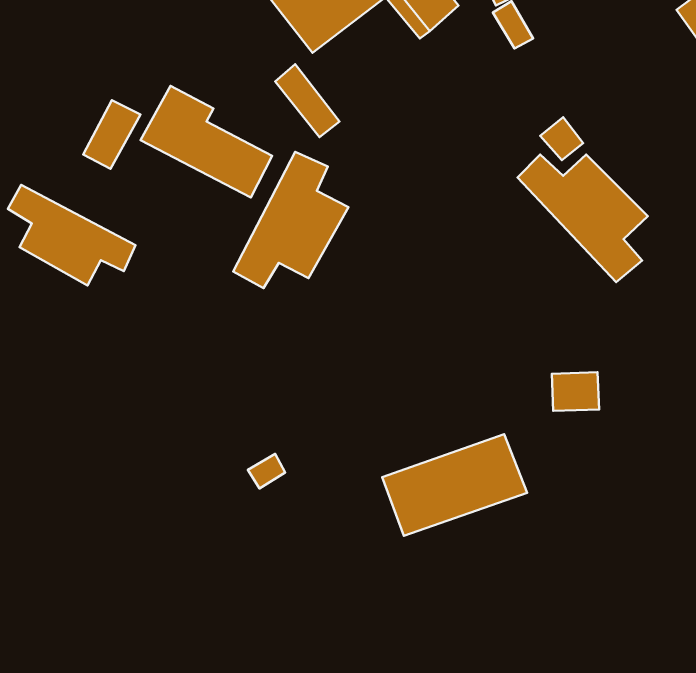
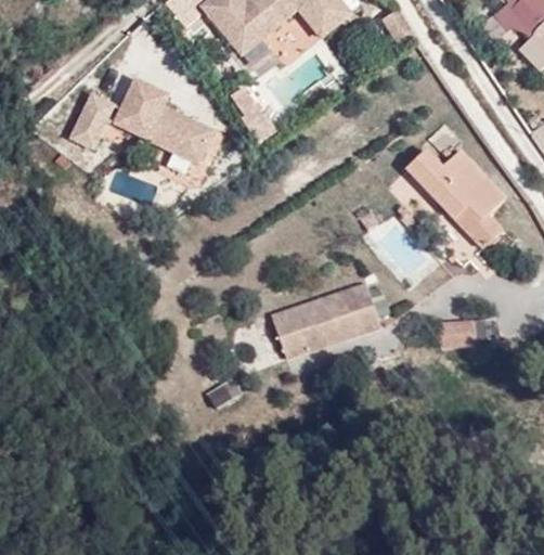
building: [233,152,349,288] -> none
building: [8,185,135,285] -> none
building: [382,434,527,536] -> [268,280,377,357]

